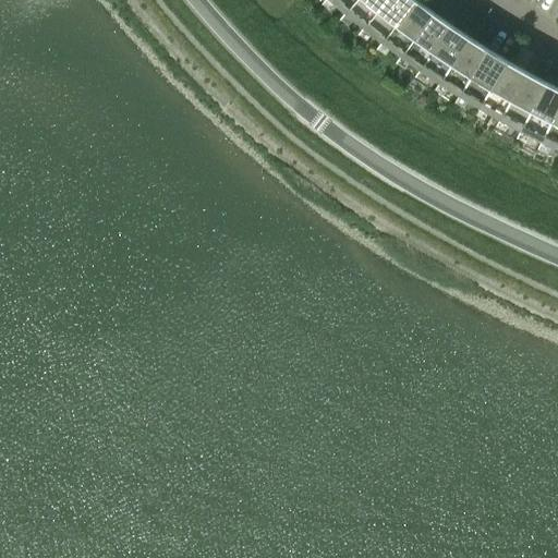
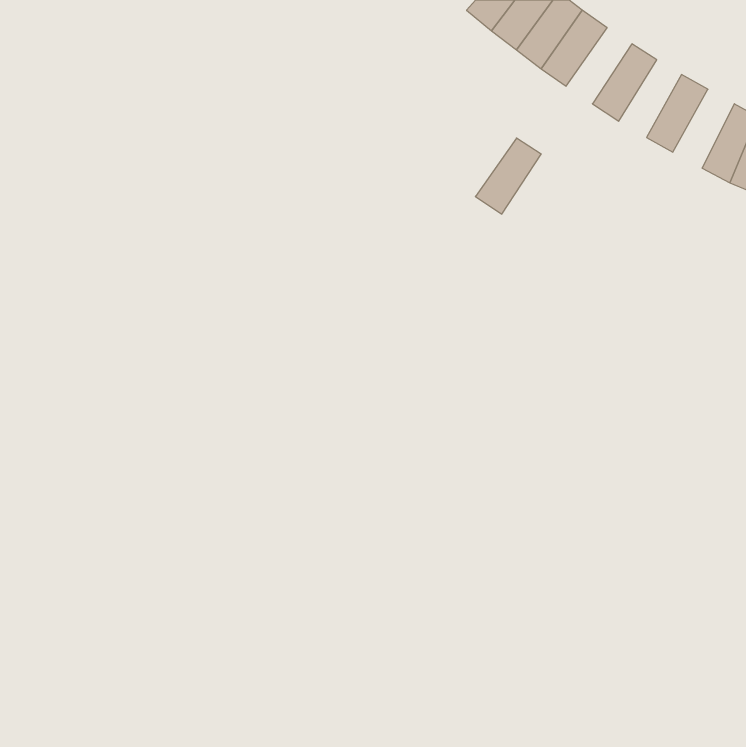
building: [423,21,472,77] -> [475,138,541,214]
building: [462,45,509,102] -> none
building: [502,66,548,125] -> none

